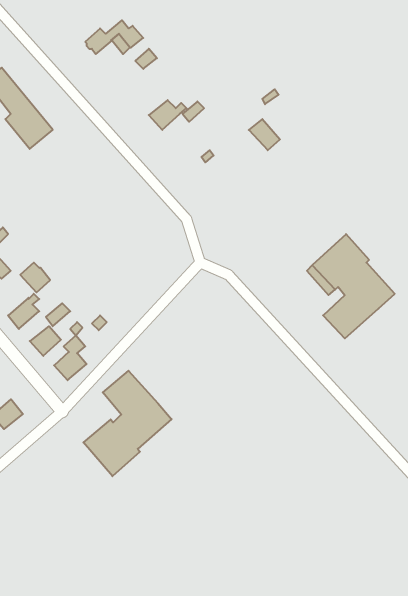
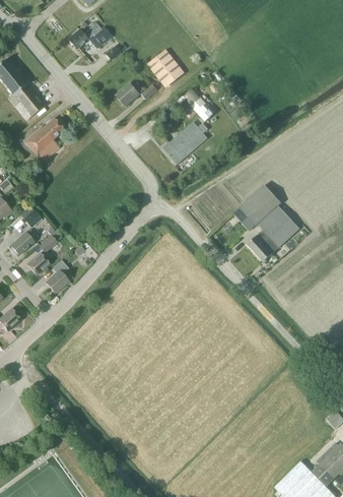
building: none -> [148,50,185,85]
building: none -> [26,118,64,160]
building: none -> [162,122,208,165]
building: [83,371,172,476] -> none

